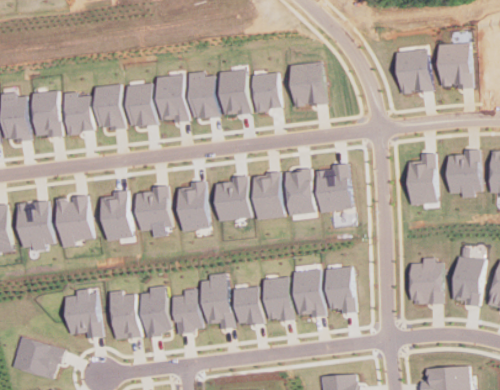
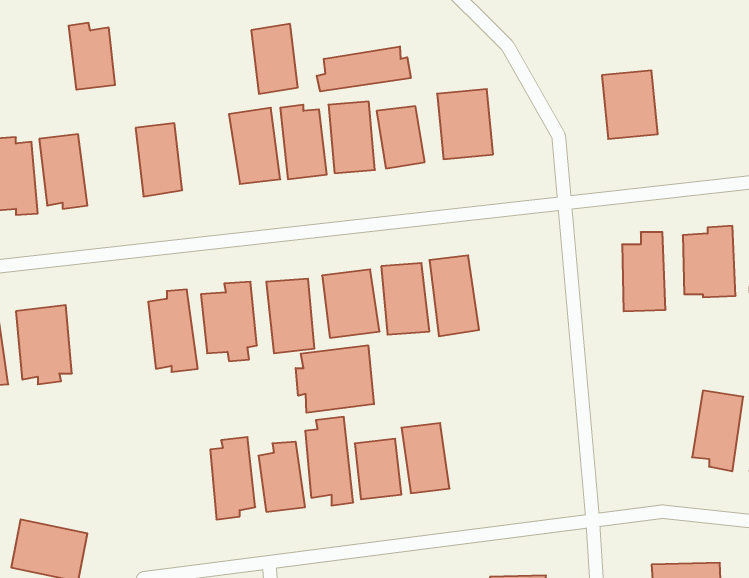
building: none -> [317,46,411,91]
building: [437,42,470,89] -> none
building: [125,82,155,127] -> [251,24,298,94]
building: [63,91,93,134] -> [68,23,115,90]
building: [315,165,351,211] -> none
building: [56,195,92,246] -> none
building: none -> [296,345,374,413]
building: [411,259,444,304] -> none
building: [327,266,358,313] -> none
building: [295,268,328,317] -> none
building: [66,288,103,338] -> none
building: [110,290,140,339] -> none

